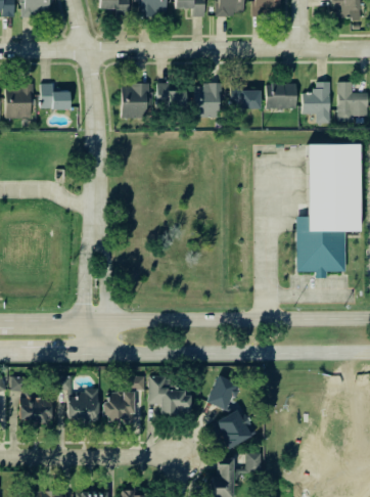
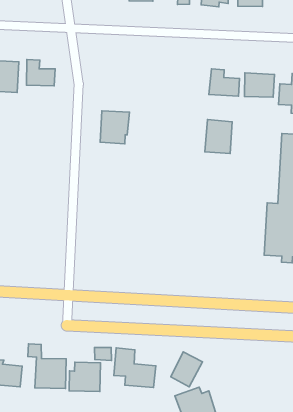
building: [156,83,186,107] -> none
building: [193,84,220,118] -> [205,119,232,153]
building: [122,85,150,118] -> [100,111,130,144]

